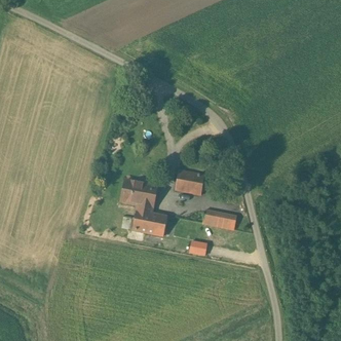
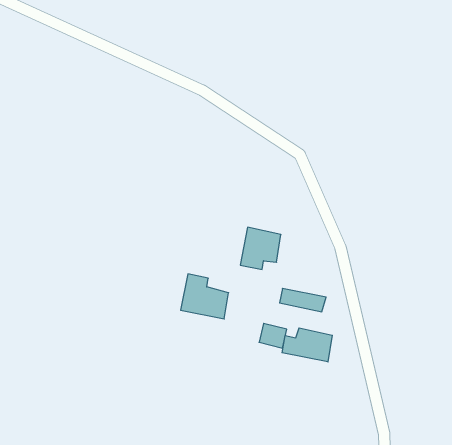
building: [121,180,156,205] -> none
building: none -> [282,328,332,362]

